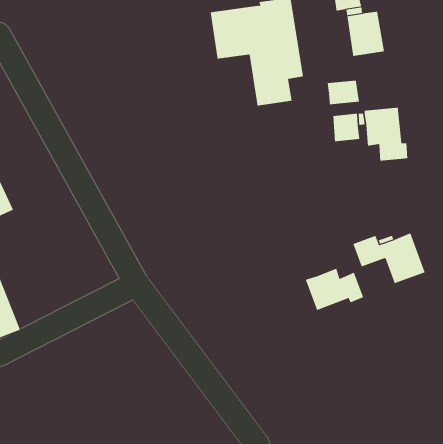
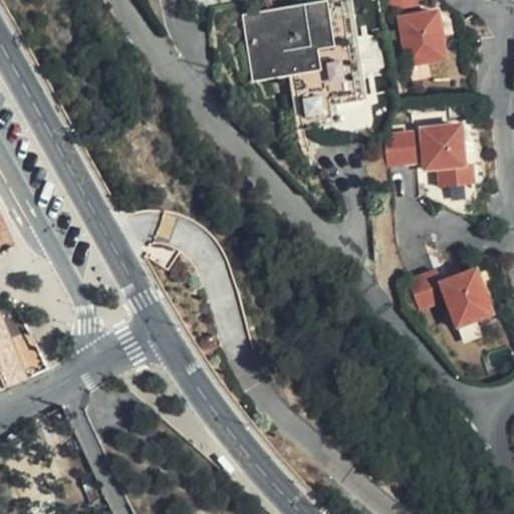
building: [327,80,359,105] -> none
building: [305,268,364,311] -> none

